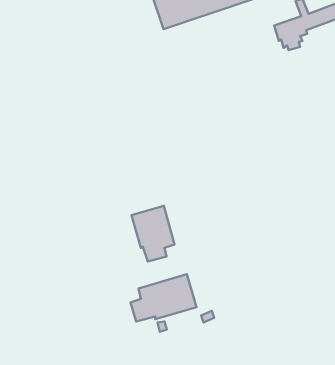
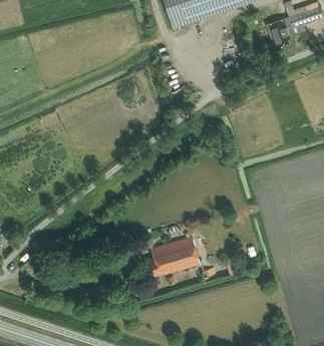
building: [132,206,174,262] -> none

